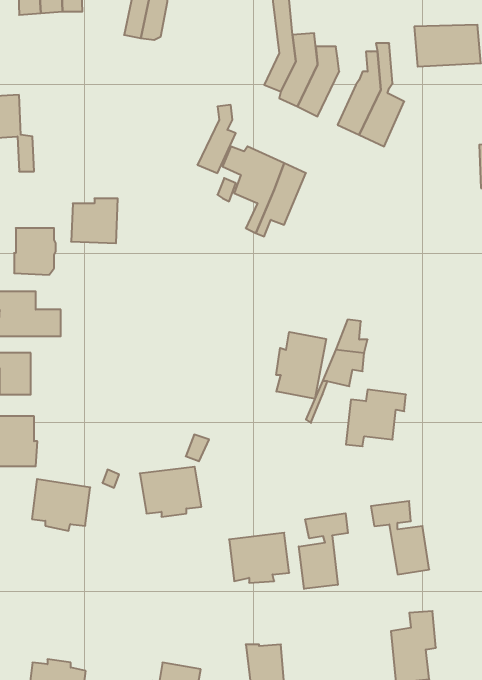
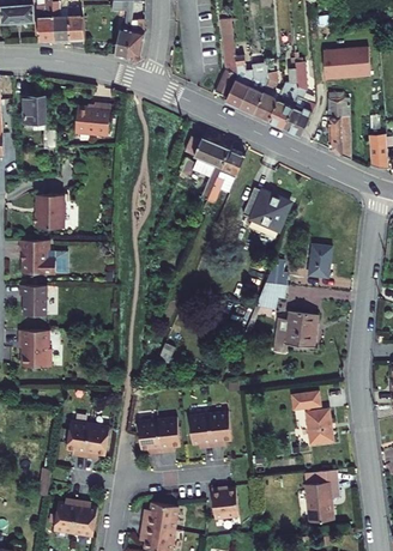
building: none -> [329,97,353,158]
building: [197,105,236,173] -> [255,71,283,120]
building: [71,198,118,243] -> [72,104,105,137]
building: none -> [244,186,292,229]
building: none -> [310,243,334,277]
building: [276,332,326,399] -> none
building: [140,467,201,517] -> [139,420,183,456]
building: [32,479,90,531] -> [58,425,99,462]
building: [299,513,348,589] -> none

